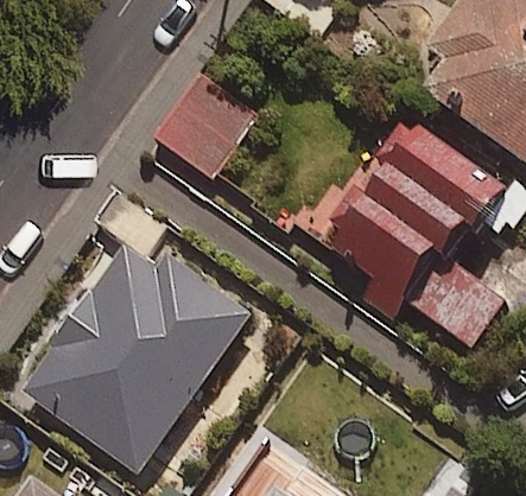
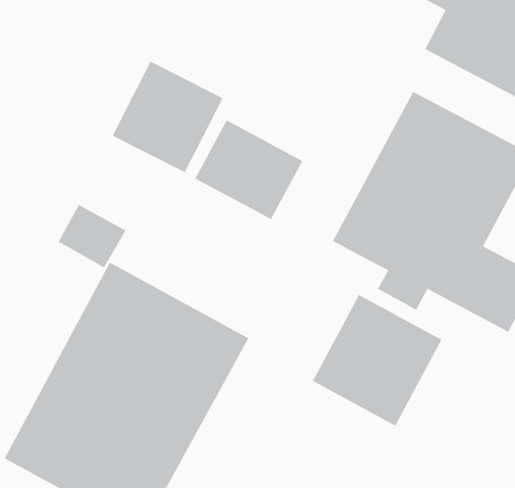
building: none -> [194,120,303,220]
building: none -> [312,294,442,426]

